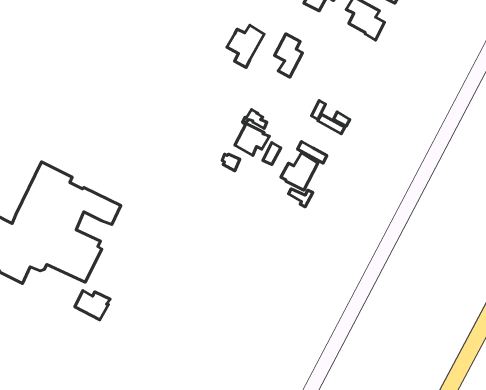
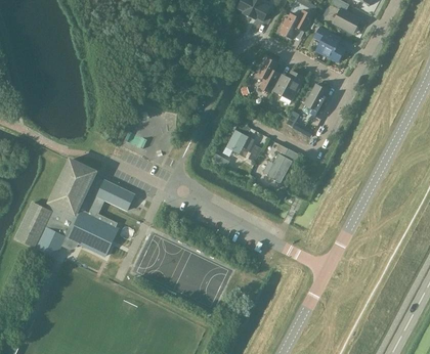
building: [227,25,264,68] -> [273,72,303,105]
building: none -> [305,85,329,120]
building: [75,291,110,320] -> none

